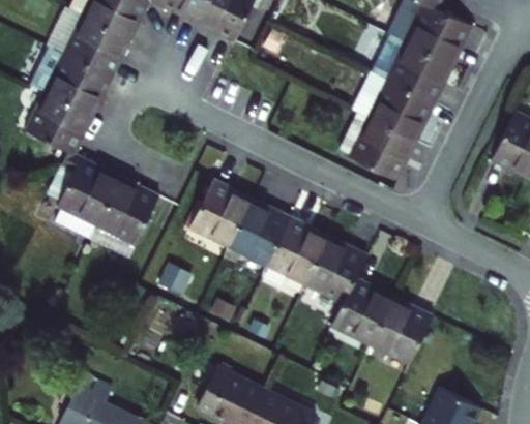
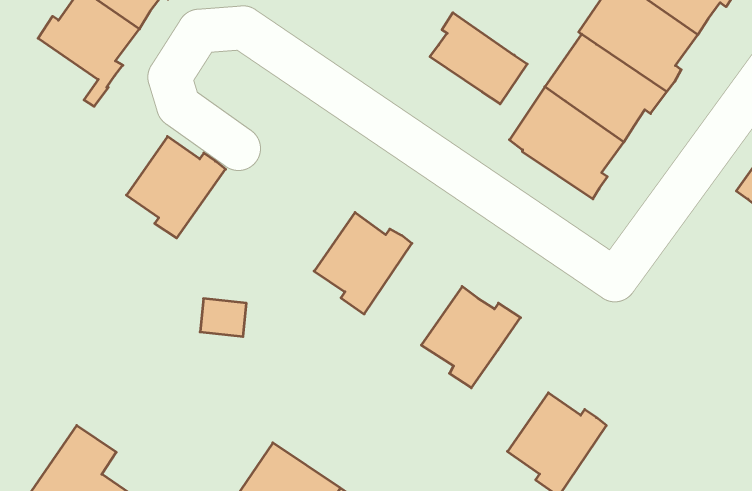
building: none -> [430,13,527,104]
building: [59,152,120,219] -> none
building: [186,186,247,250] -> none
building: [263,223,323,287] -> none
building: [327,283,388,347] -> none

